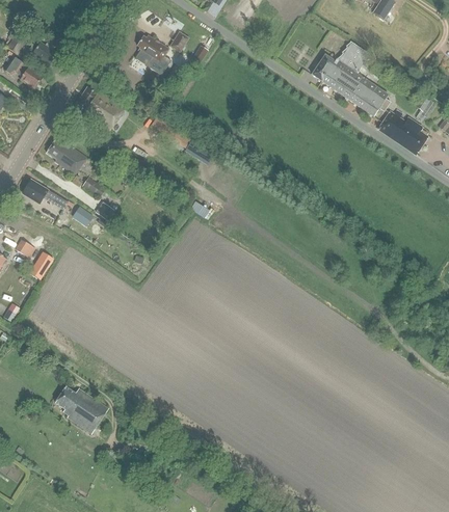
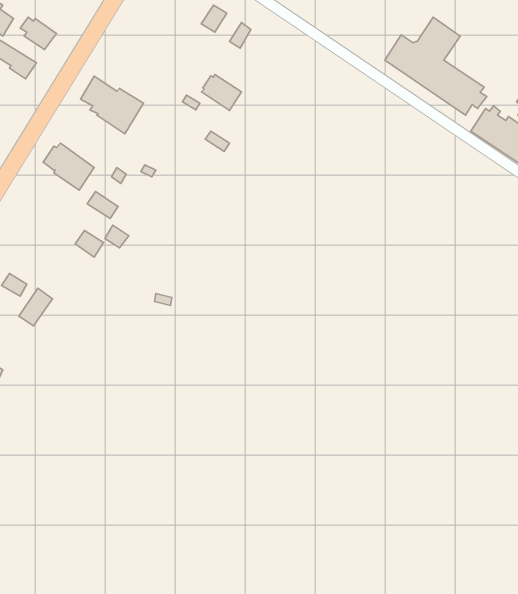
building: [136,34,167,62] -> [201,74,242,111]
building: [22,179,68,210] -> none
building: [56,386,109,435] -> none

